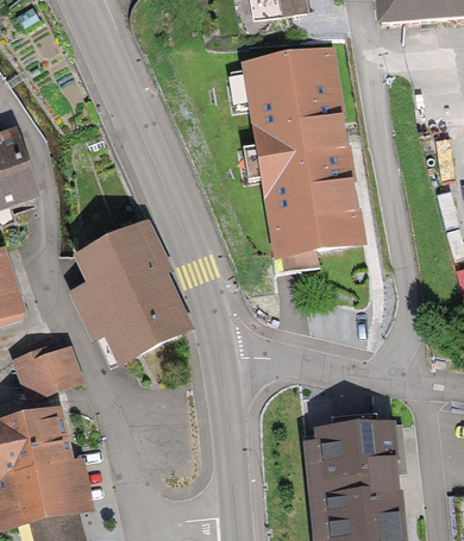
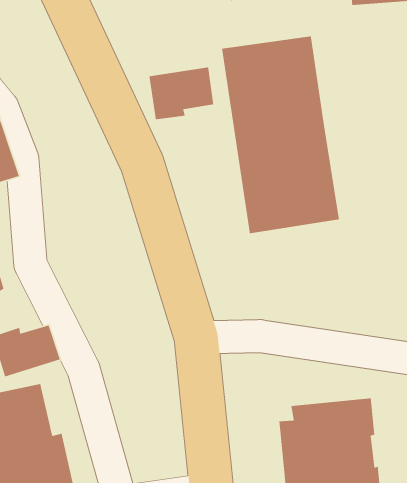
building: none -> [149,66,214,120]
building: [69,219,193,363] -> none

